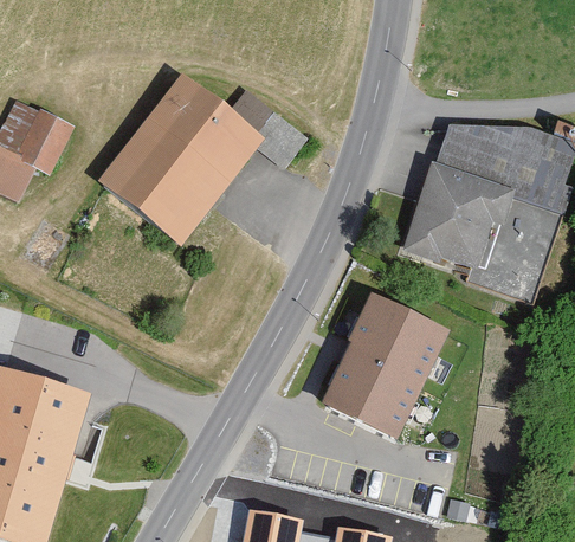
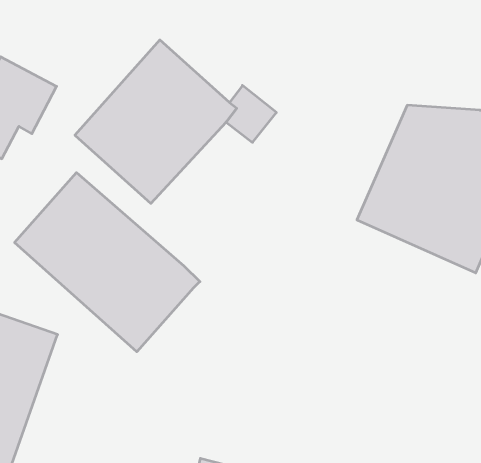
building: none -> [15,173,200,352]
building: [317,291,448,440] -> none

